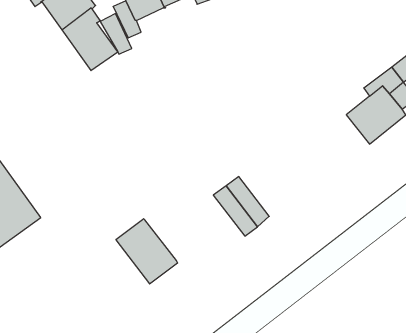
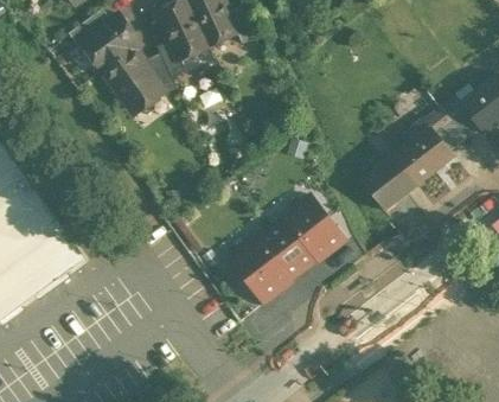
building: none -> [360,155,417,211]
building: none -> [282,196,345,262]
building: [116,219,178,284] -> [229,237,292,304]

